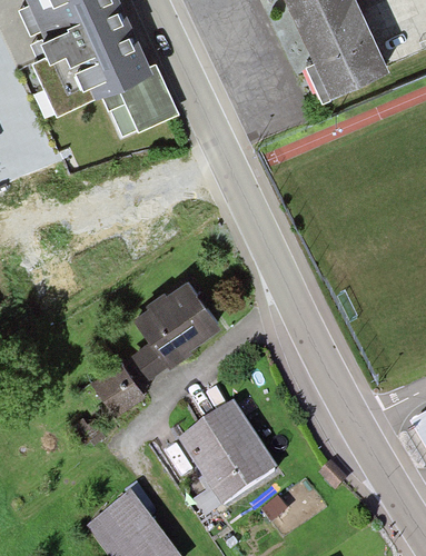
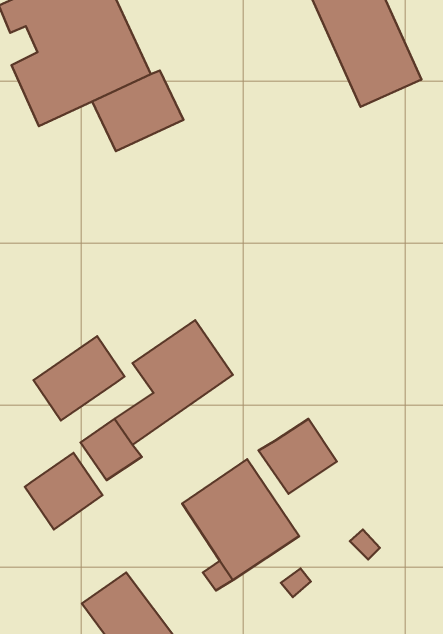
building: none -> [34,336,124,421]
building: none -> [258,419,337,494]
building: none -> [25,453,103,529]

